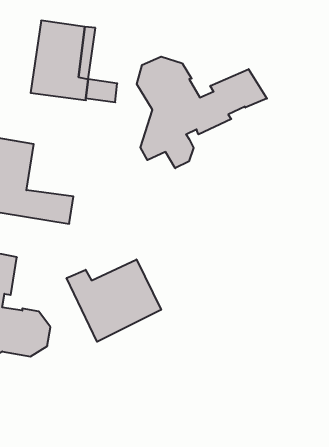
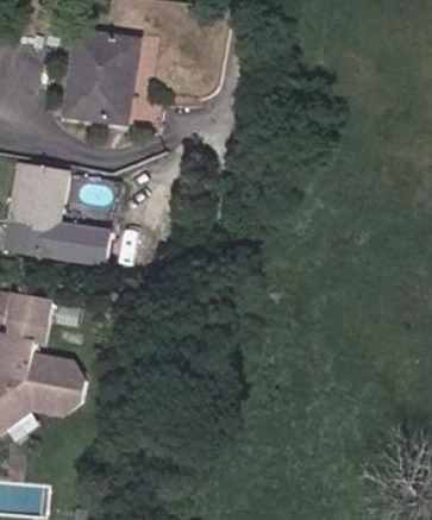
building: [137,57,267,168] -> none
building: [67,259,161,342] -> none

